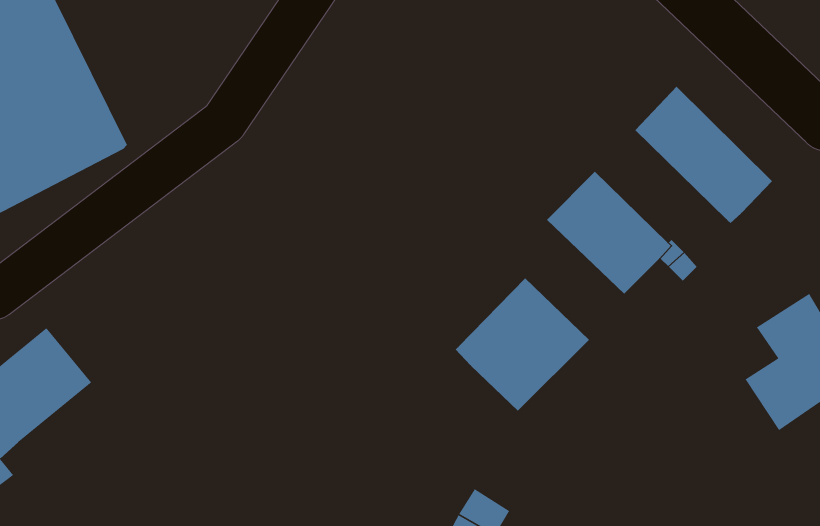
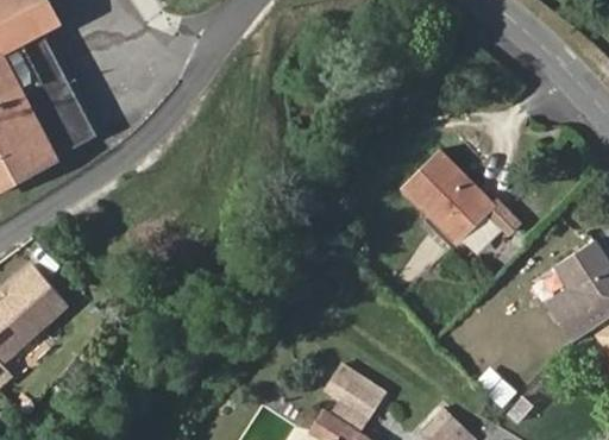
building: [635,86,773,224] -> none
building: [455,278,590,411] -> none

